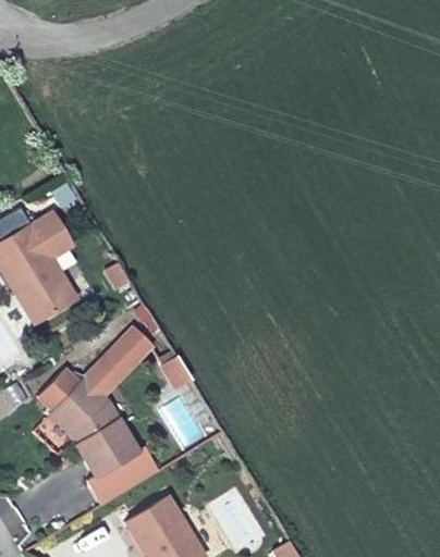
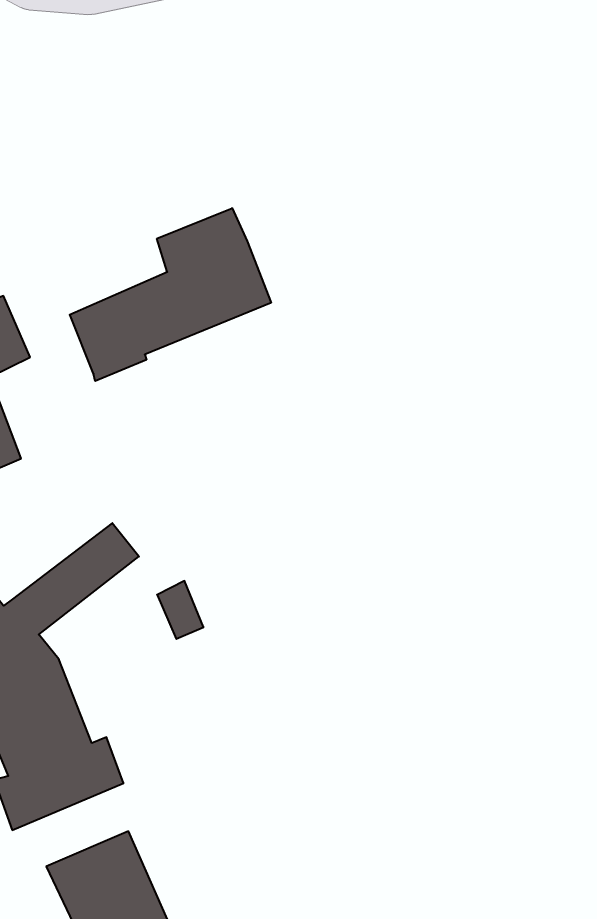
building: none -> [70,208,271,381]

